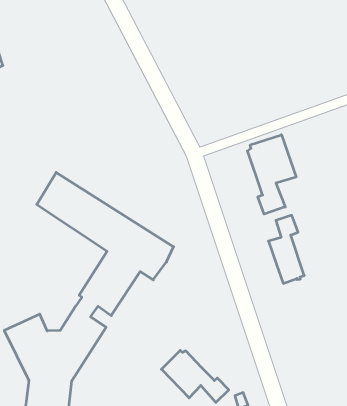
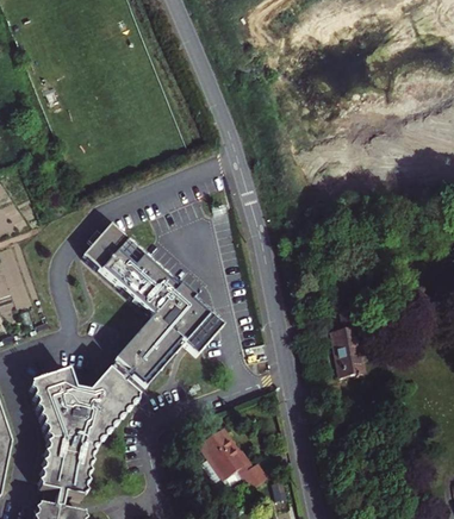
building: [247,135,296,214] -> none

